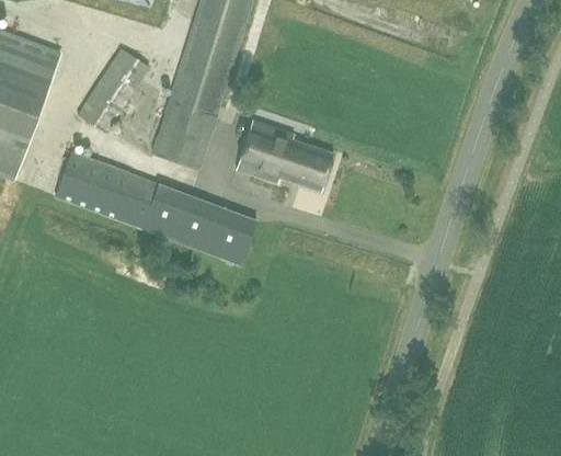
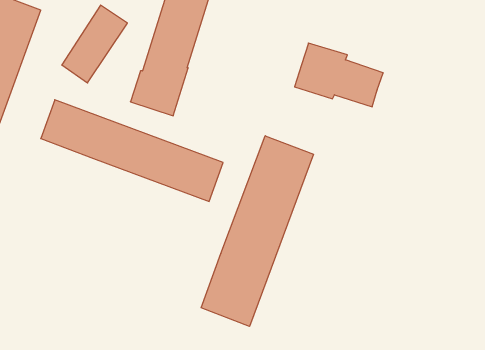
building: [236,121,333,191] -> [295,43,383,107]
building: none -> [201,136,314,326]

